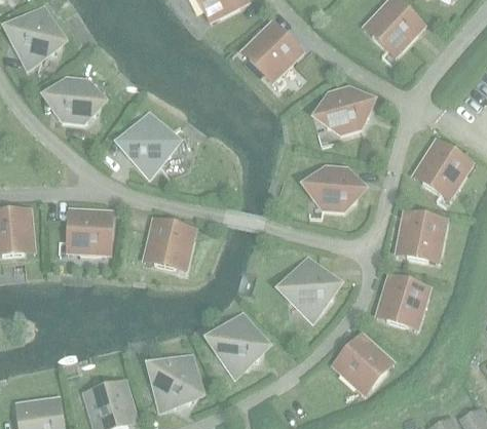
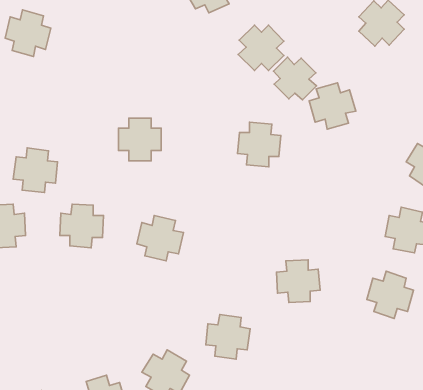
building: none -> [273,57,316,100]
building: [52,77,98,122] -> [13,148,58,192]
building: [312,165,357,210] -> [237,122,281,167]
building: [339,340,386,387] -> none

